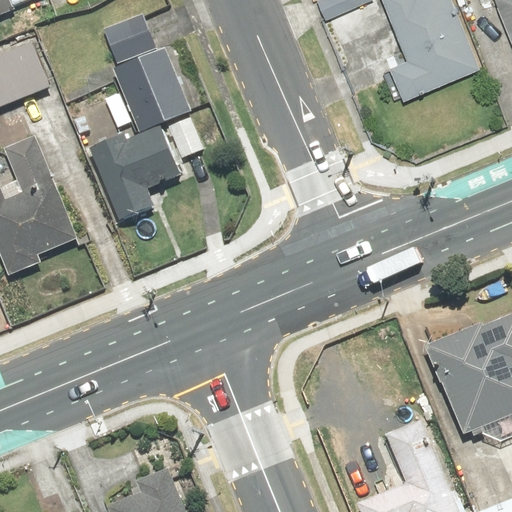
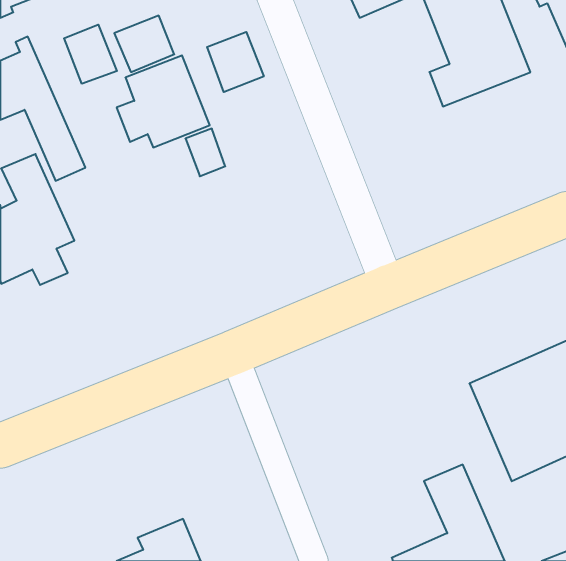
building: none -> [64,25,117,84]
building: none -> [207,32,264,92]
building: [88,129,178,223] -> none

